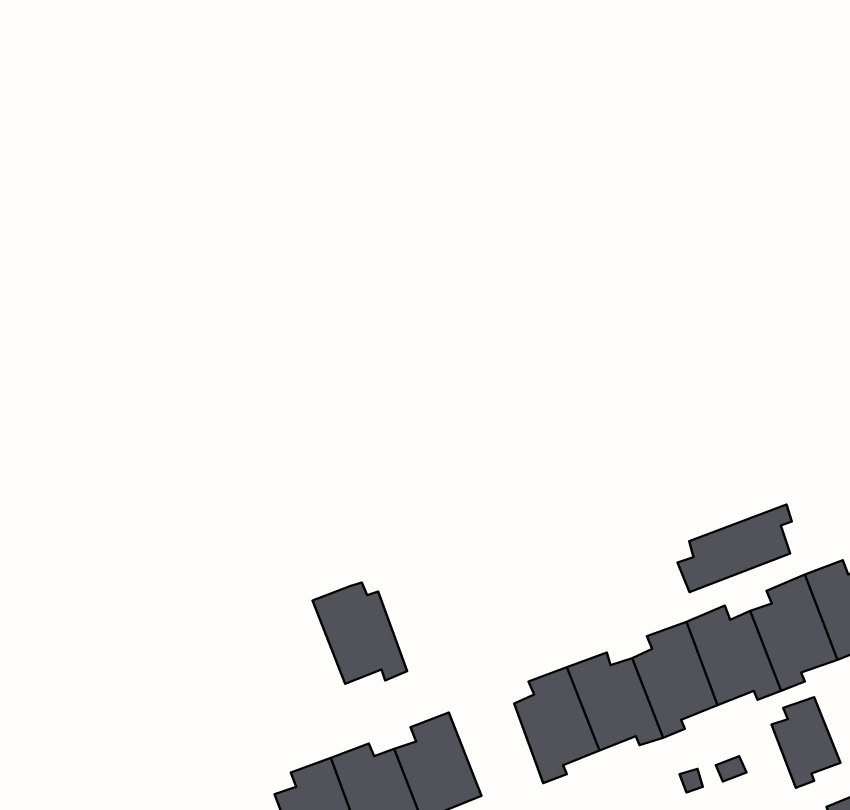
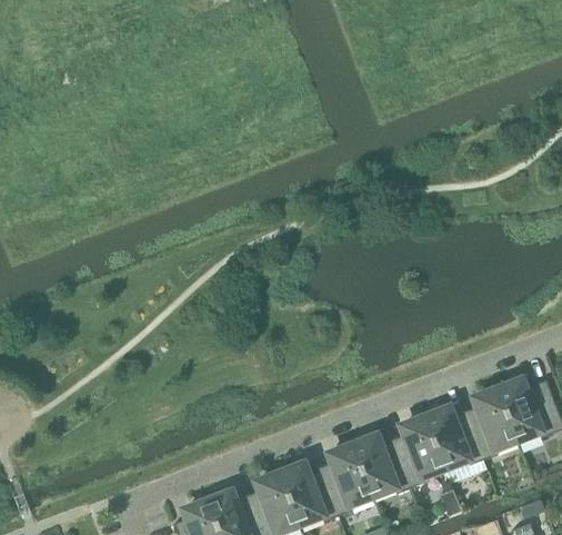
building: [678,505,792,592] -> none
building: [313,582,407,684] -> [279,459,337,522]
building: [771,697,840,788] -> none

